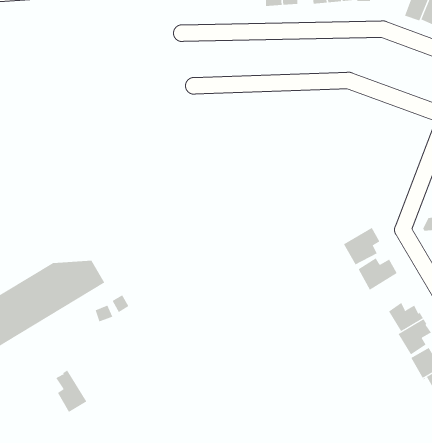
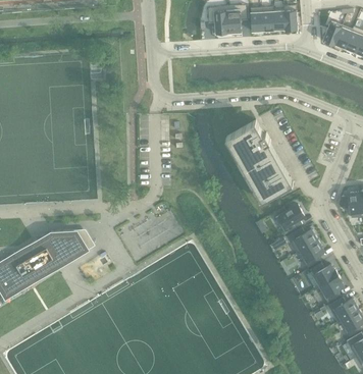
building: none -> [226,120,293,200]
building: none -> [296,239,323,267]
building: [56,370,87,413] -> none

